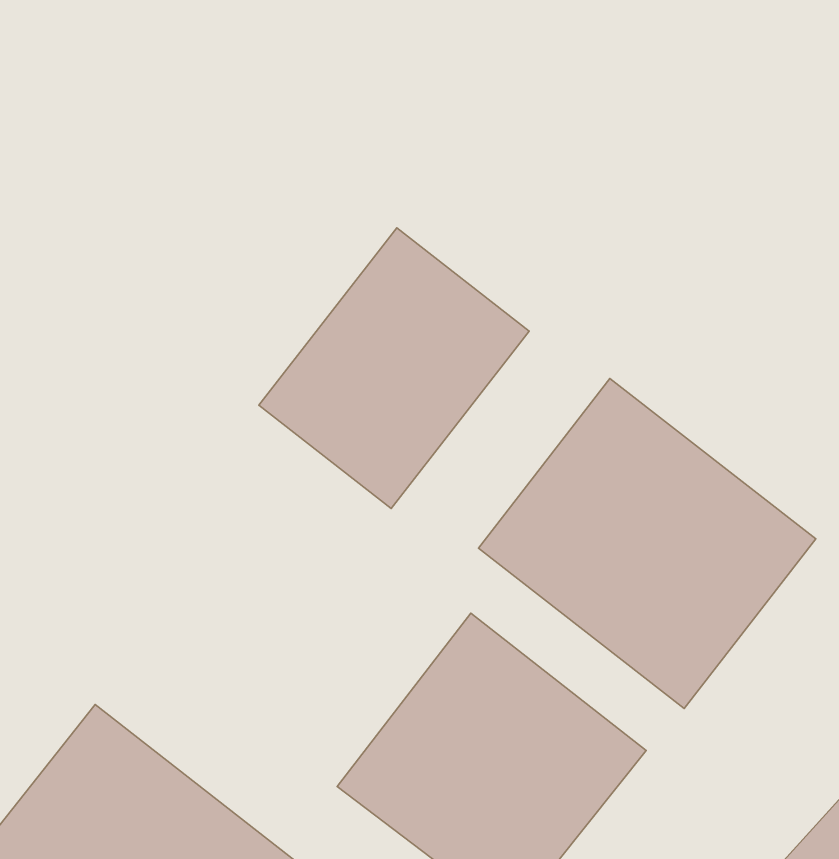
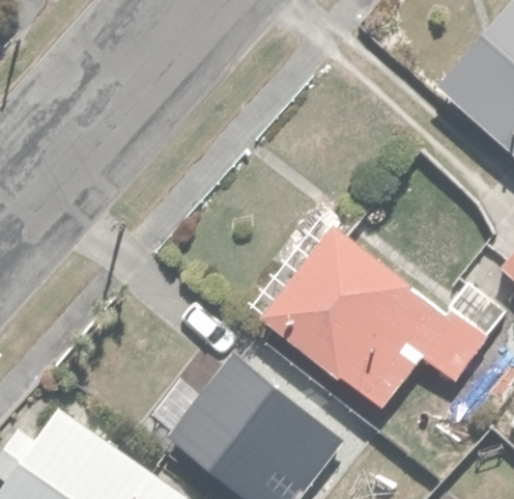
building: [259,228,529,508] -> none

